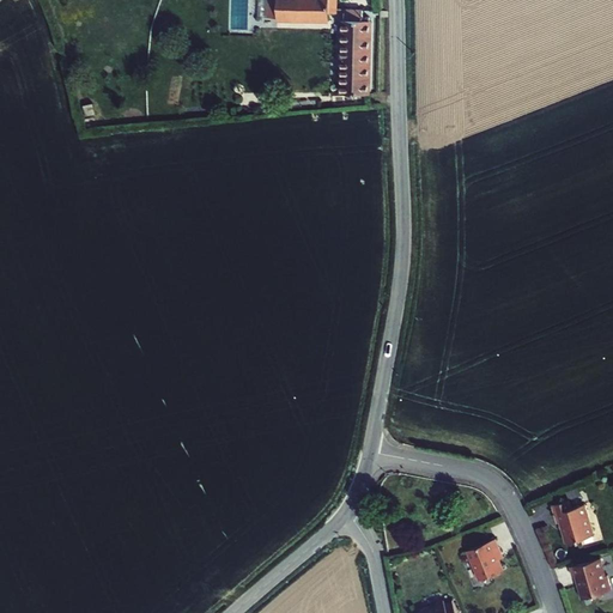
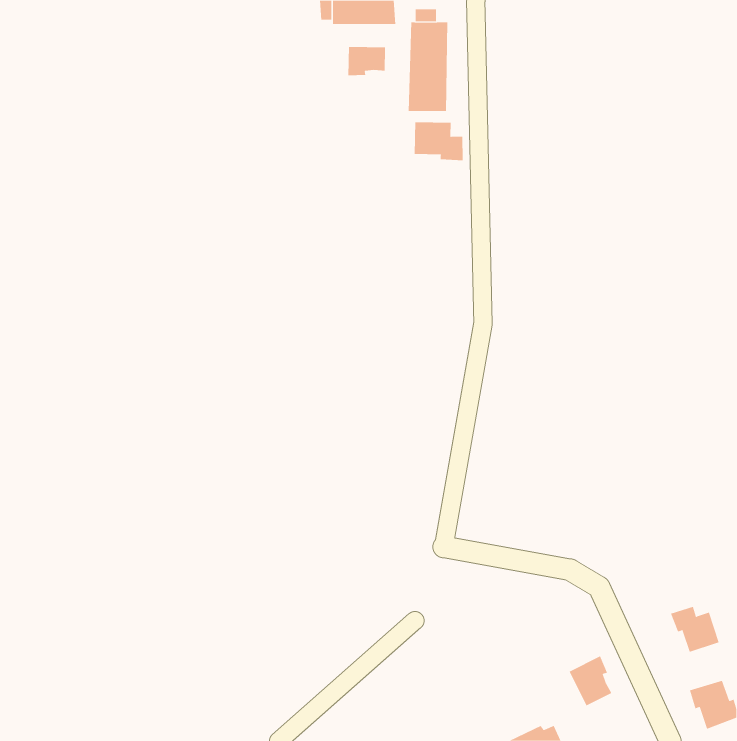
building: none -> [348,46,385,76]
building: none -> [414,121,463,161]

